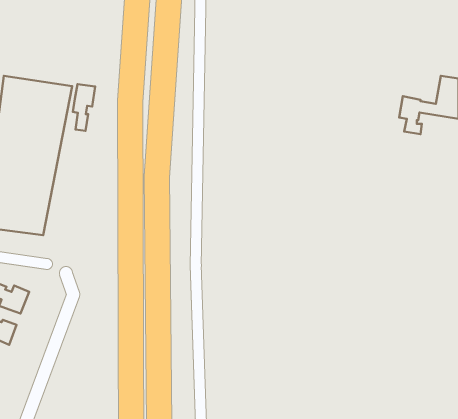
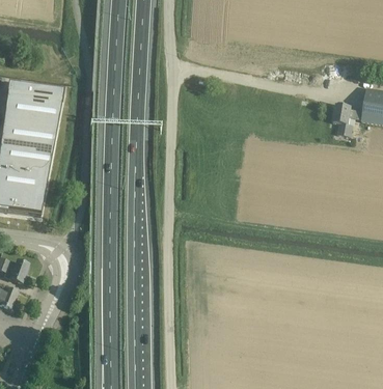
building: [73,84,95,131] -> none

